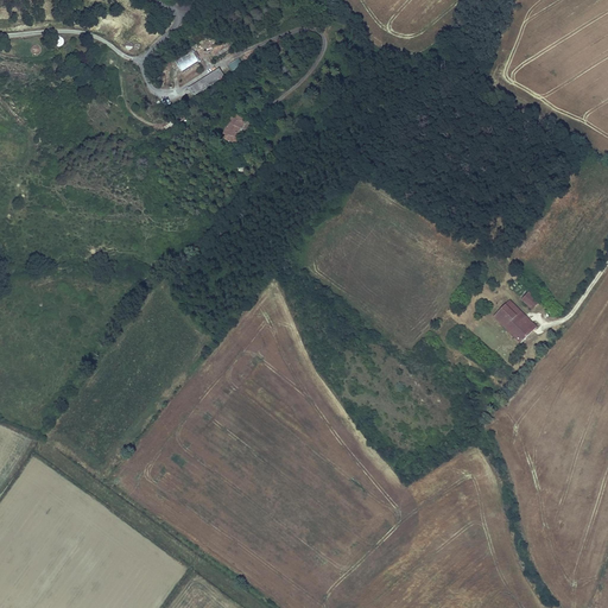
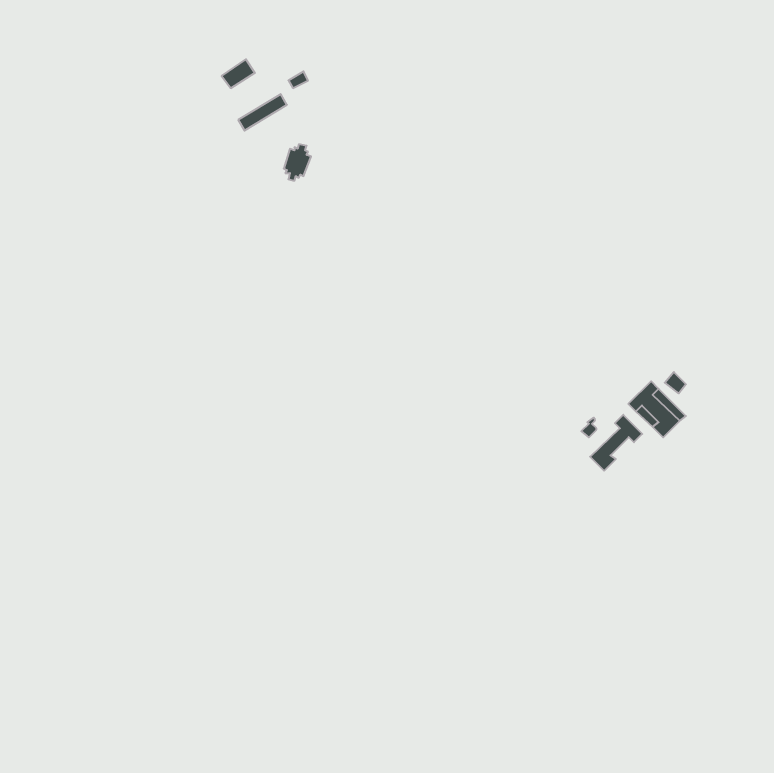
building: none -> [590,415,642,471]

